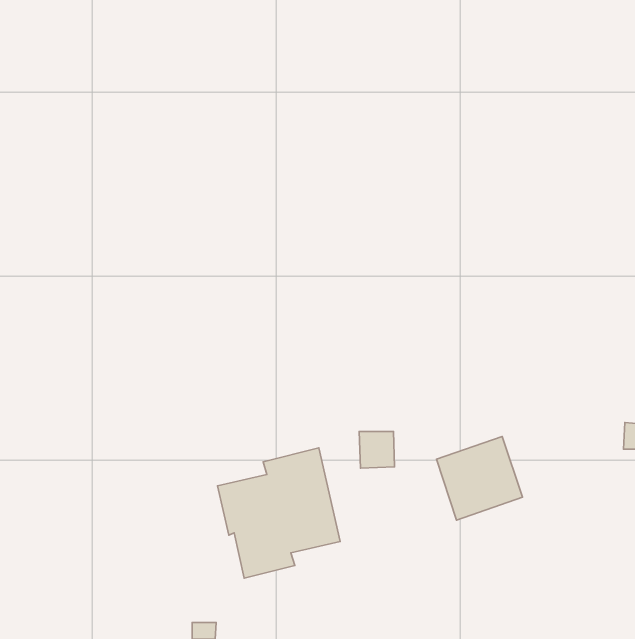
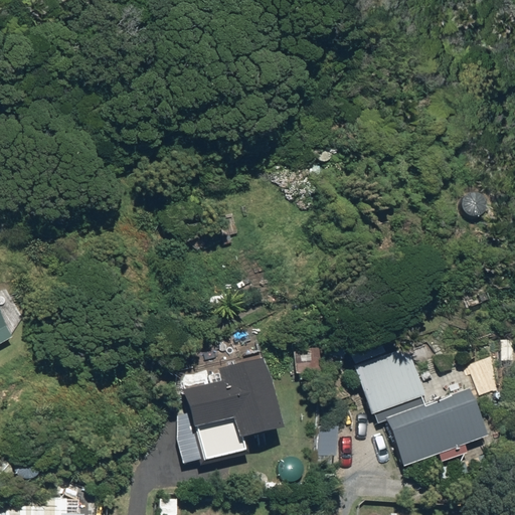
building: none -> [388,389,487,465]

